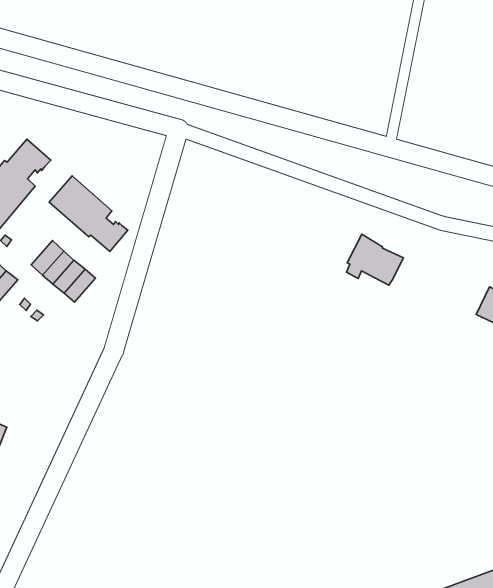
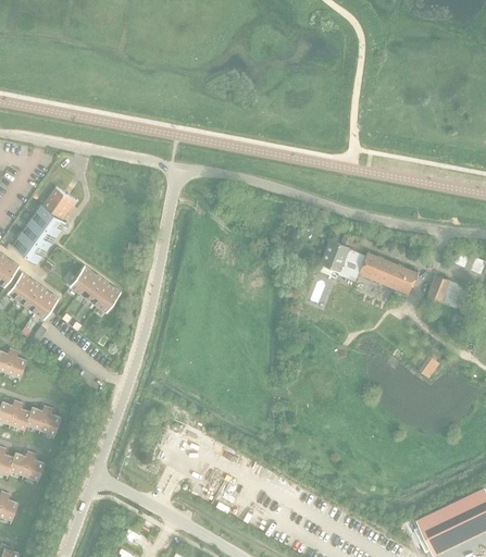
building: [49,176,128,252] -> none
building: none -> [358,252,416,295]

